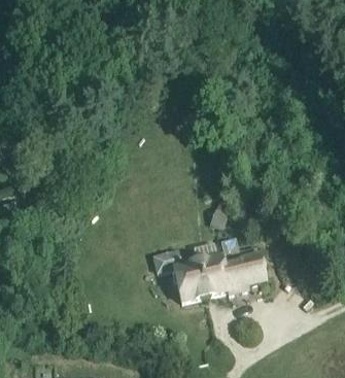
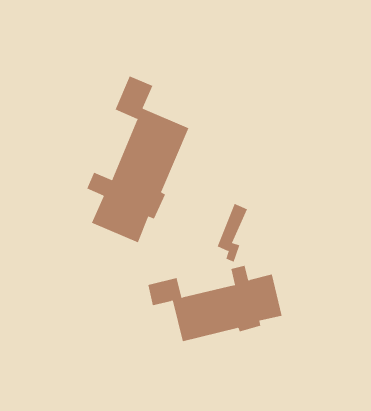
building: none -> [86,75,189,243]

